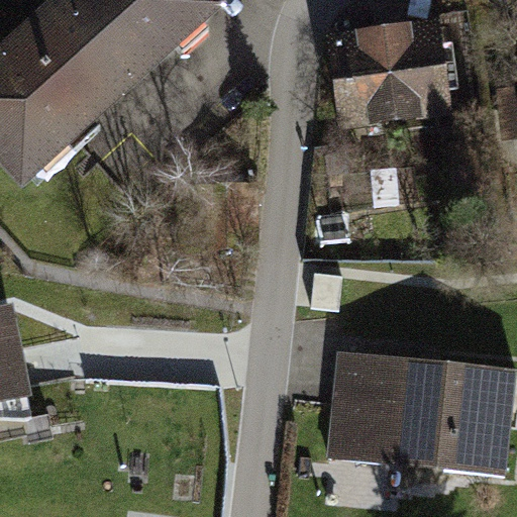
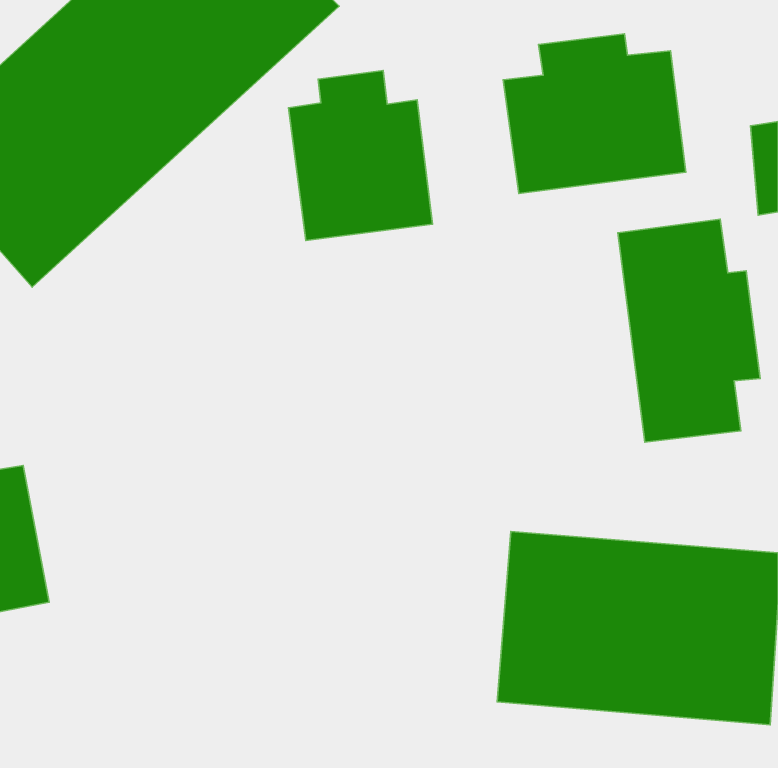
building: none -> [289,70,433,241]
building: none -> [618,219,760,442]

